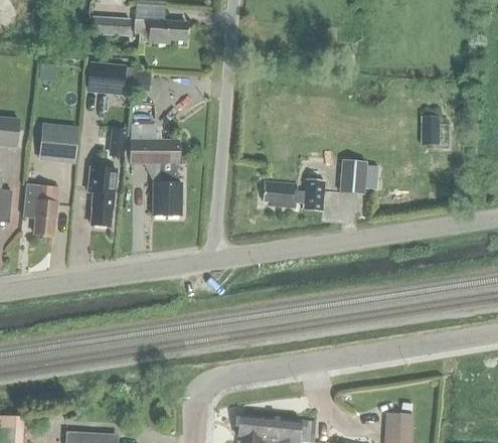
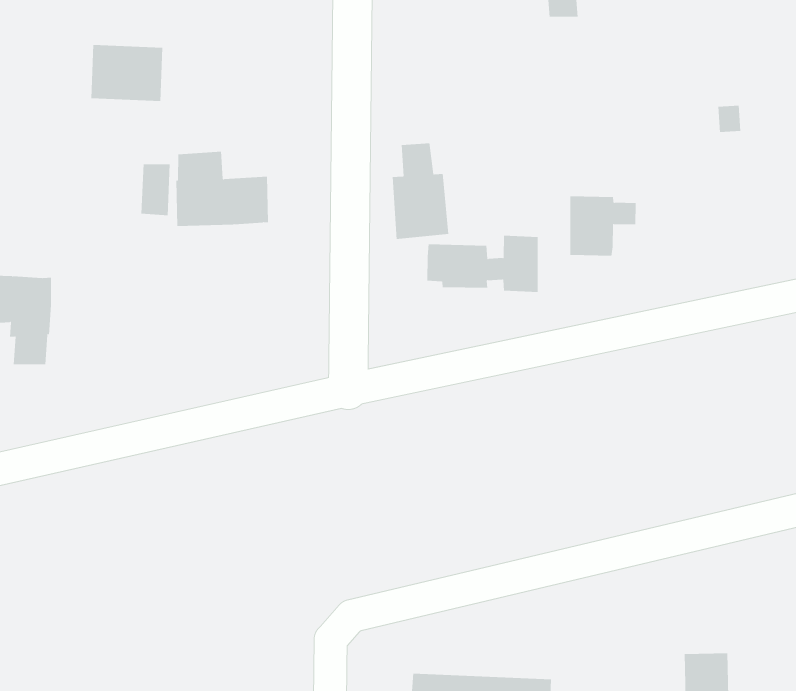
building: [41,124,76,154] -> none
building: [153,164,182,215] -> [392,143,449,240]
building: [89,167,117,226] -> none

